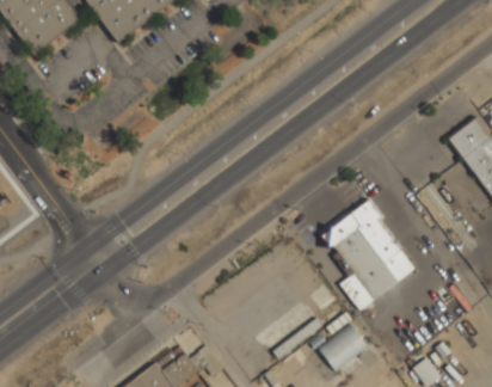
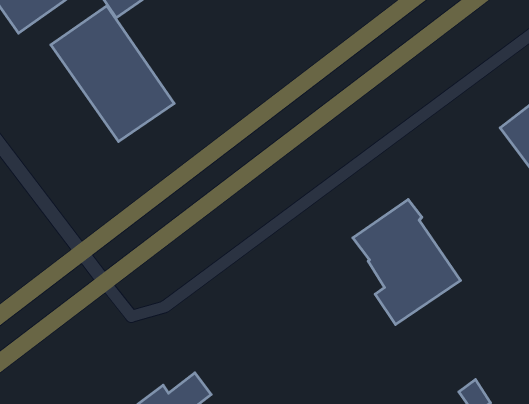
building: none -> [51,6,174,141]
building: [318,324,367,369] -> none

